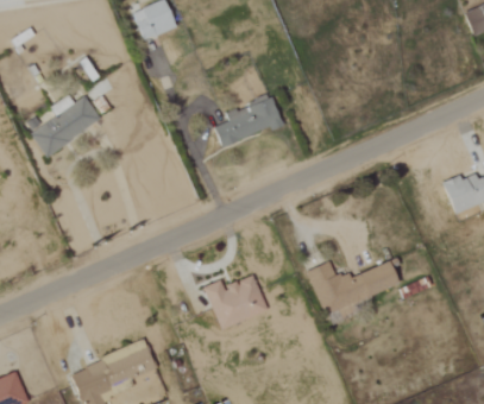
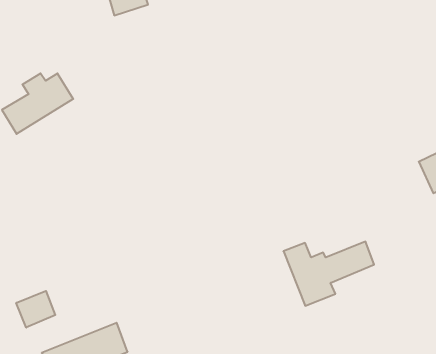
building: [214,96,282,146] -> none
building: [205,274,268,329] -> none
building: none -> [16,291,55,328]

